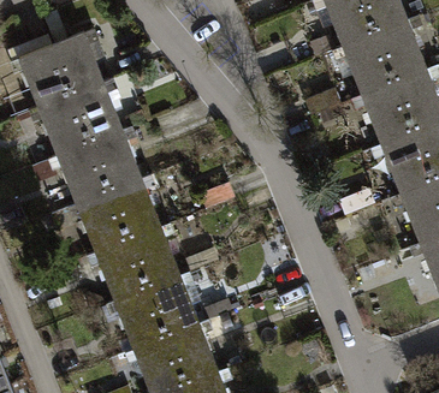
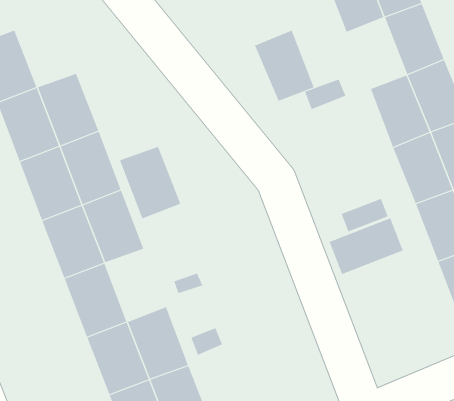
building: [55,30,108,93] -> none
building: [339,32,391,94] -> [254,30,315,102]
building: none -> [329,218,403,275]
building: [132,231,185,293] -> [119,146,181,219]

